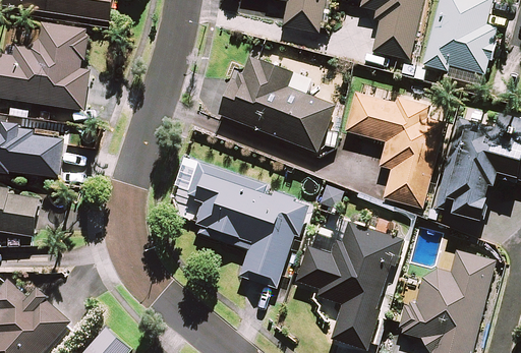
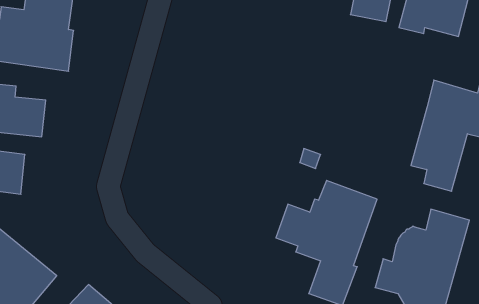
building: [217,57,334,153] -> none
building: [345,93,444,209] -> none
building: [187,163,307,288] -> none

